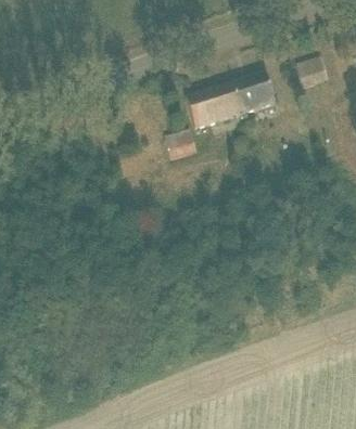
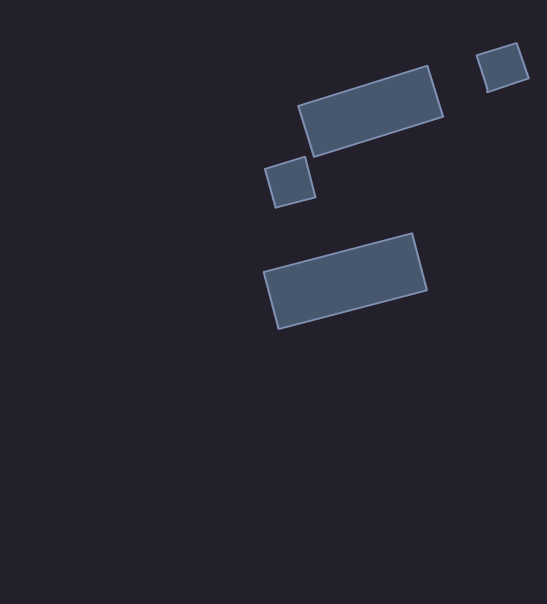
building: none -> [264,233,427,329]

